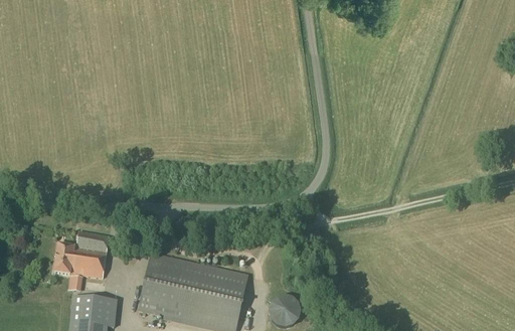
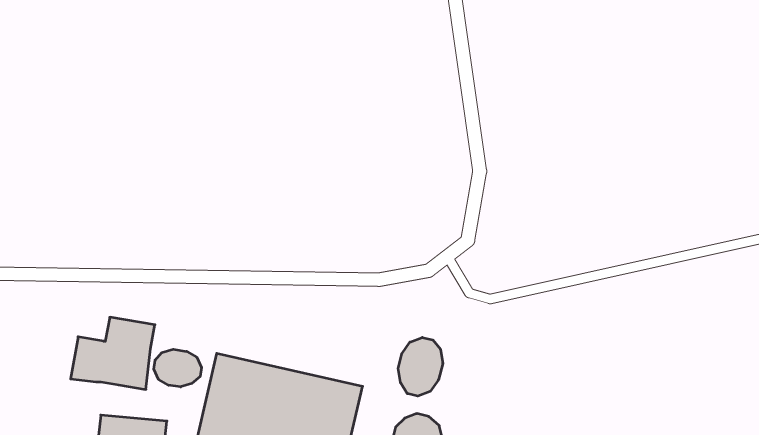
building: none -> [398,337,443,396]
building: none -> [154,349,201,387]

